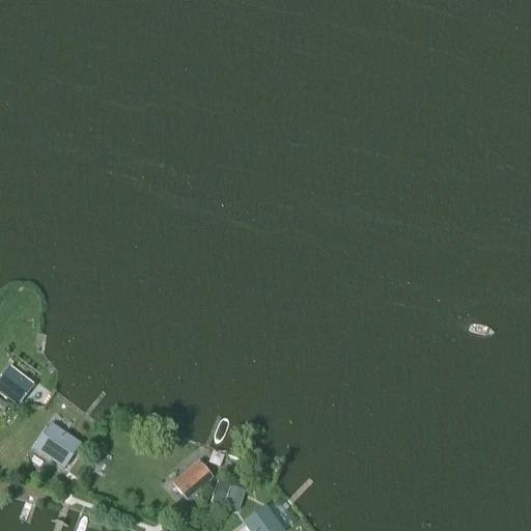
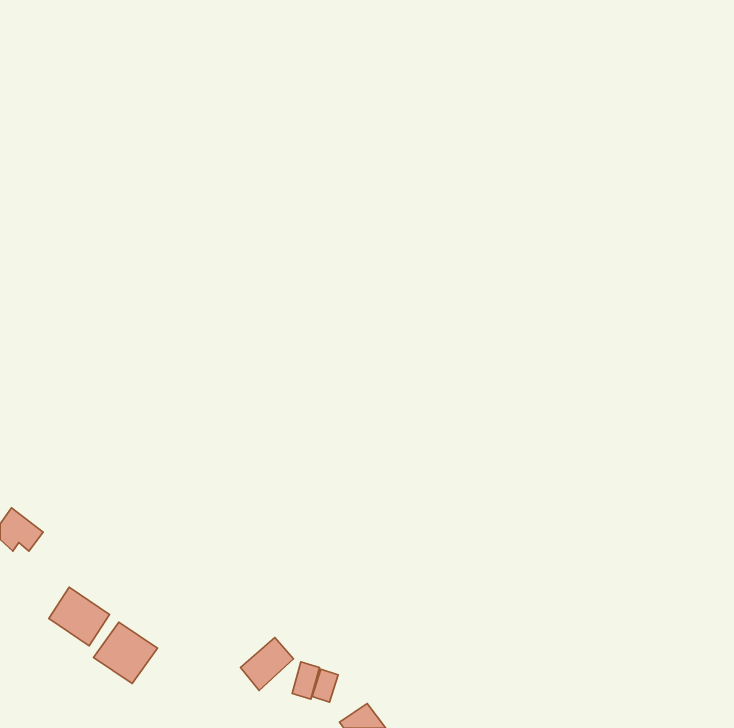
building: none -> [94,622,157,684]

